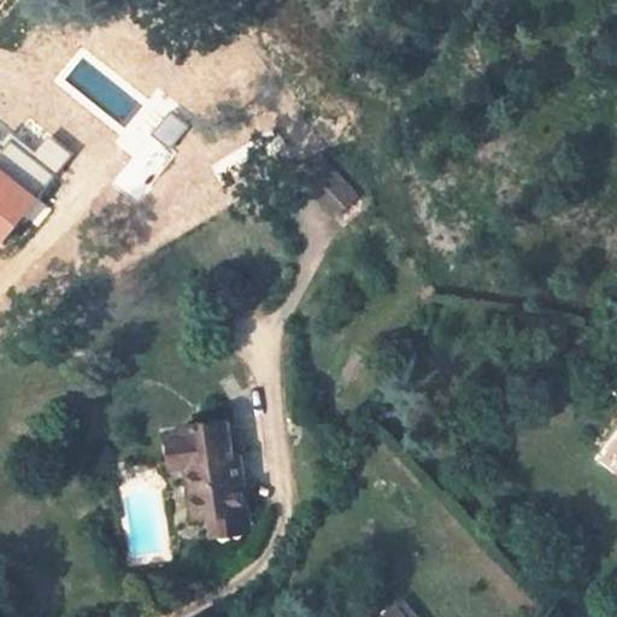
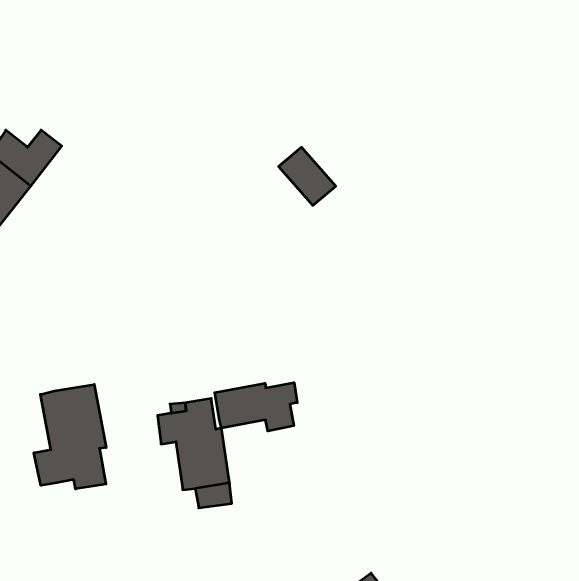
building: none -> [215,383,297,431]
building: none -> [34,384,106,489]

